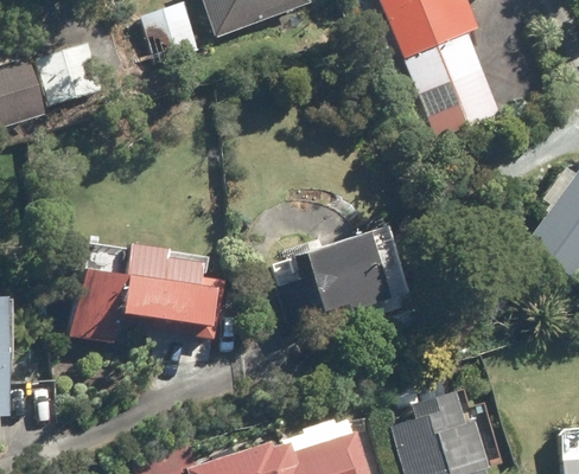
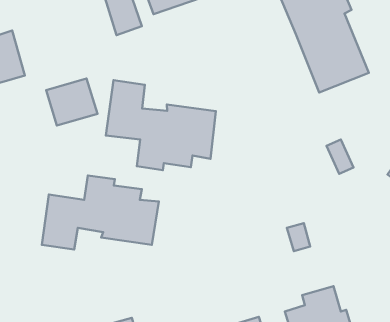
building: [37,41,104,103] -> [46,79,97,125]
building: none -> [106,80,216,170]
building: [279,231,390,321] -> none

